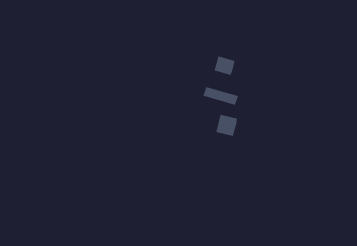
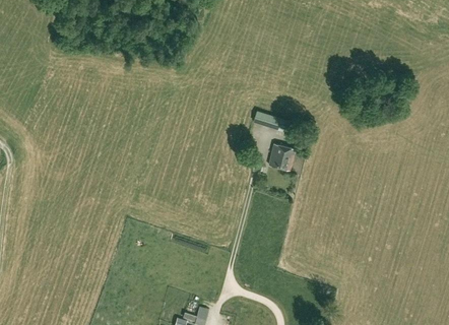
building: [214,55,235,76] -> none

